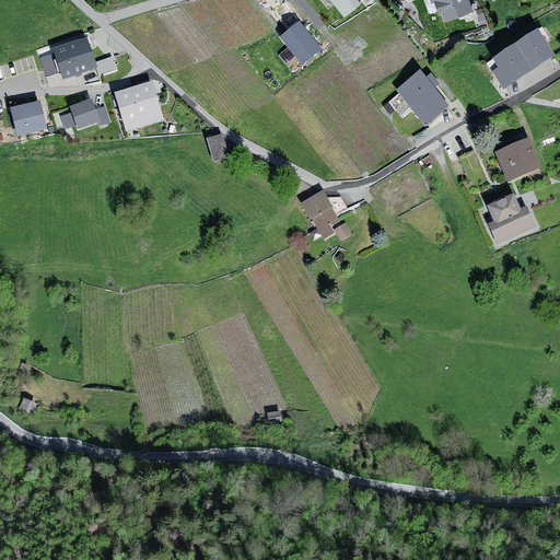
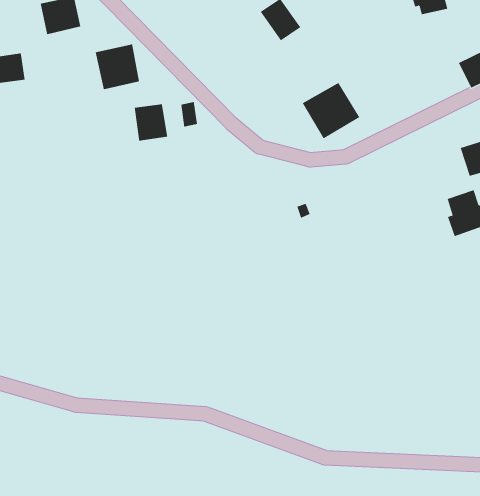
building: [398,68,459,128] -> [302,82,360,139]
building: [68,96,107,127] -> none
building: none -> [134,103,168,141]
building: [303,195,337,242] -> none

